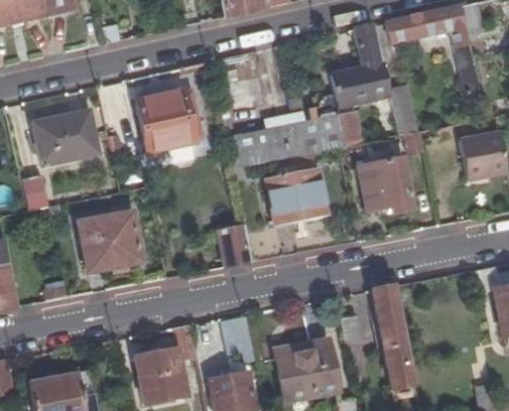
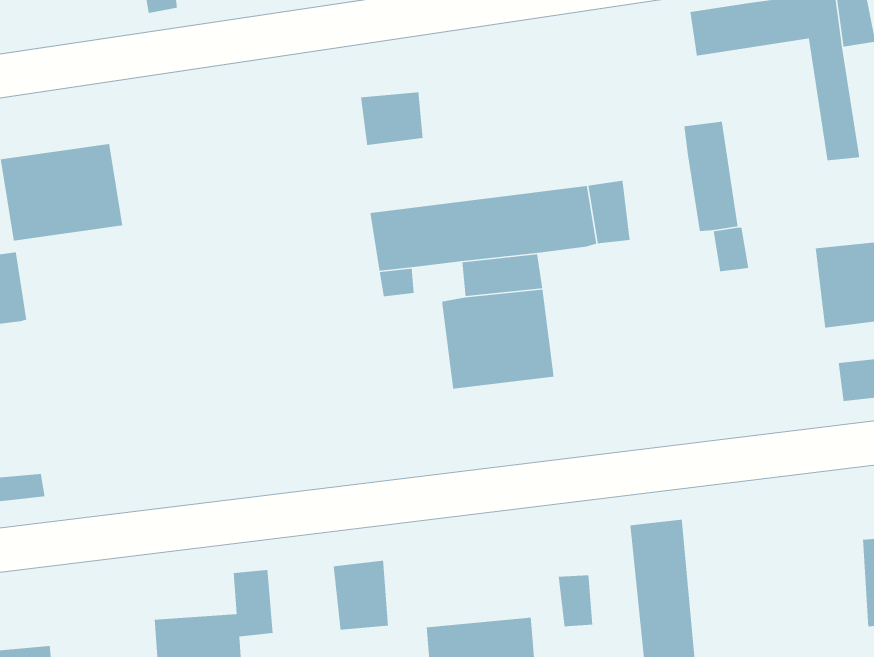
building: [330,24,389,107] -> none
building: [135,88,202,152] -> none
building: [365,156,417,214] -> none
building: [79,210,144,272] -> none
building: [220,225,252,267] -> none

